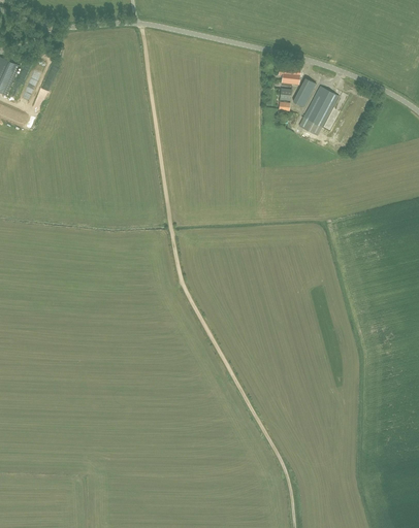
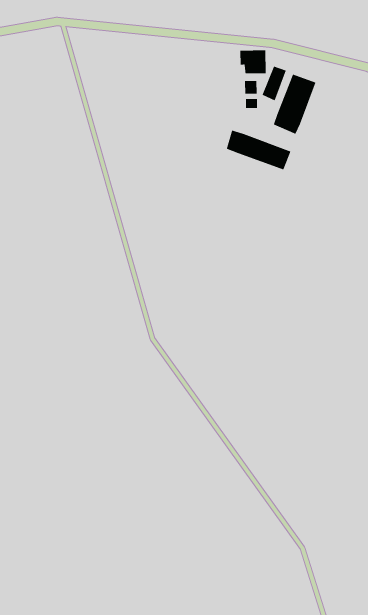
building: none -> [226,129,292,171]

